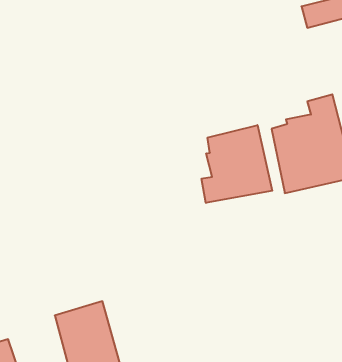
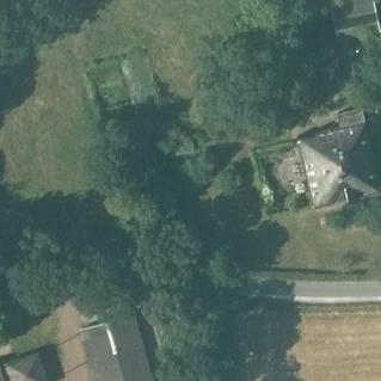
building: [202,125,272,203] -> none

